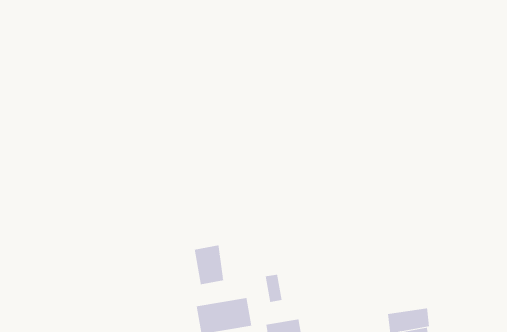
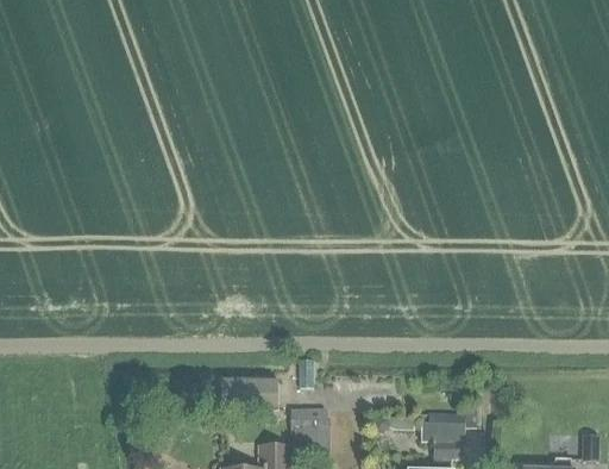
building: [194,244,224,285] -> none

